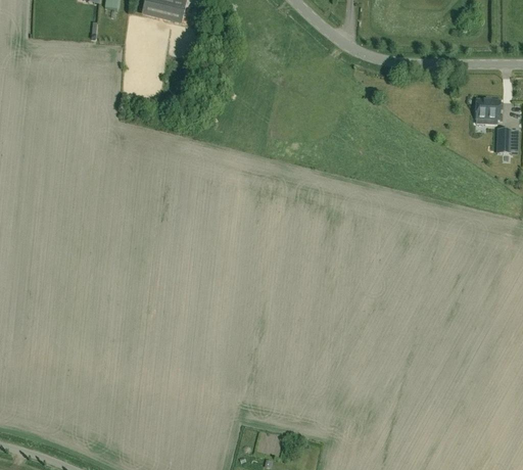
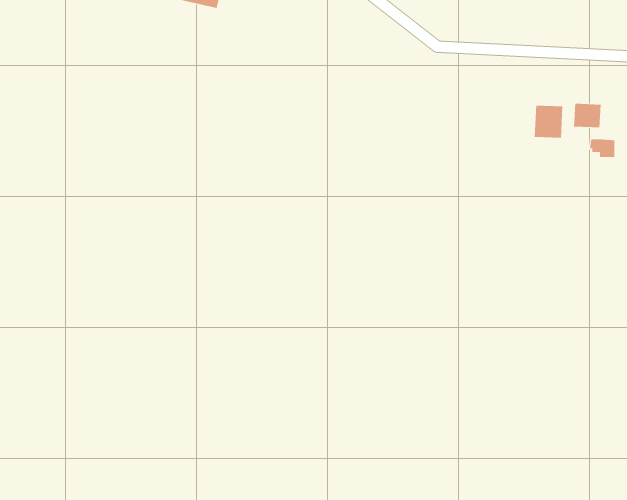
building: none -> [534,105,563,138]

